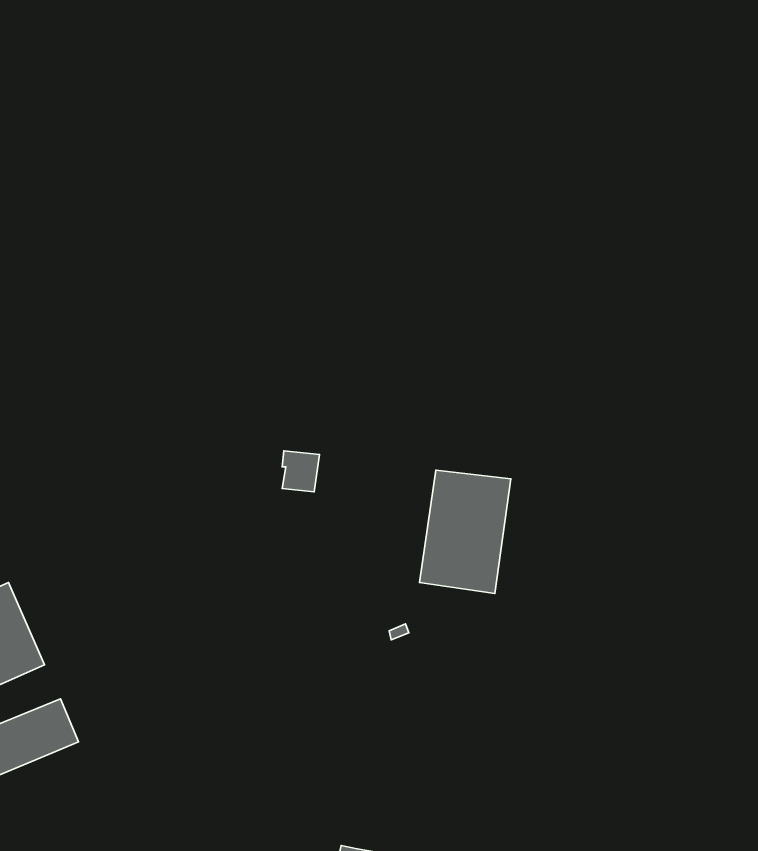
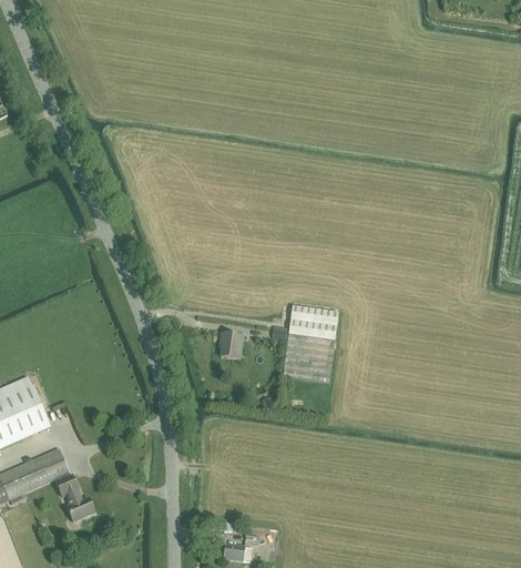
building: [282,451,320,492] -> [219,333,243,358]
building: none -> [55,474,94,520]

